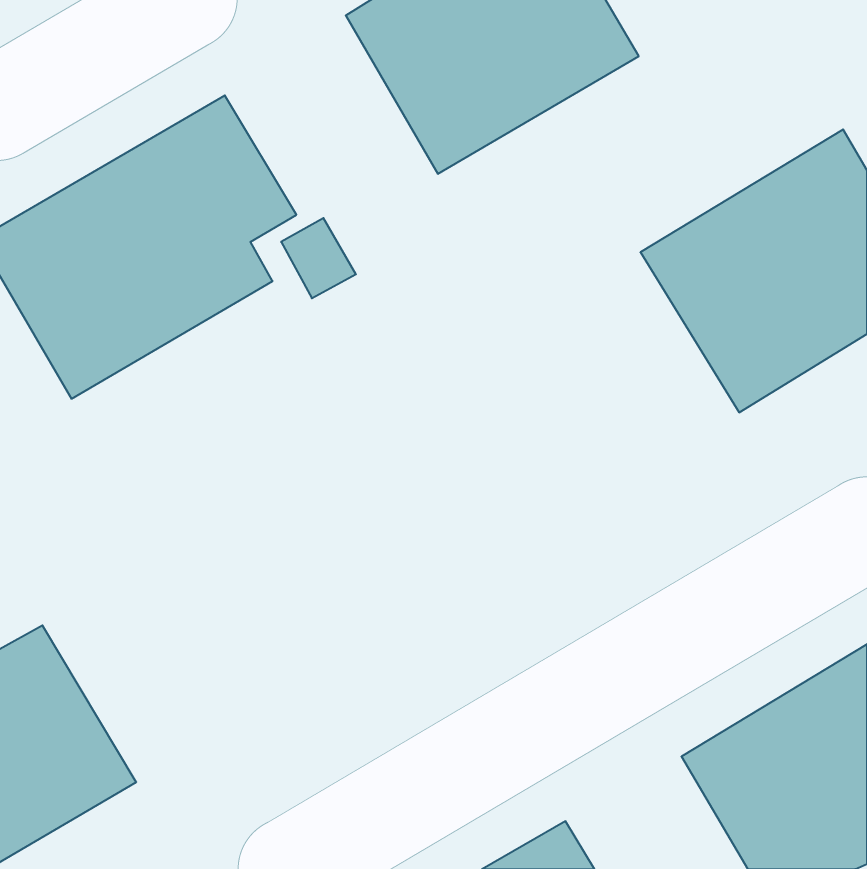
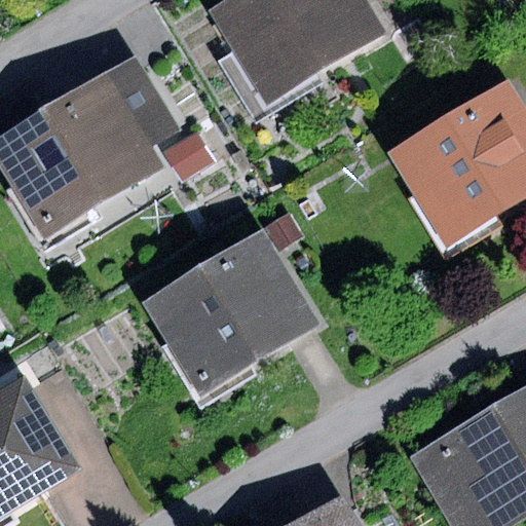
building: none -> [140,228,317,394]

